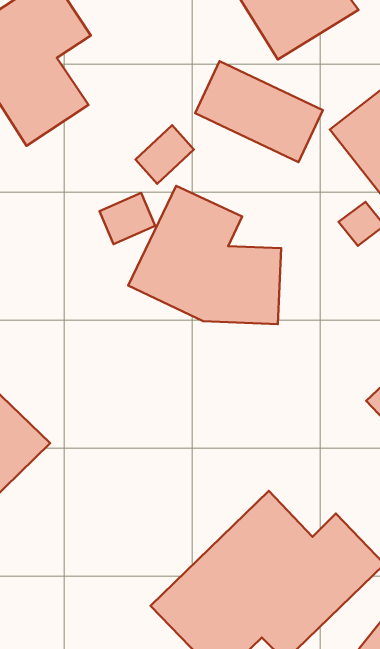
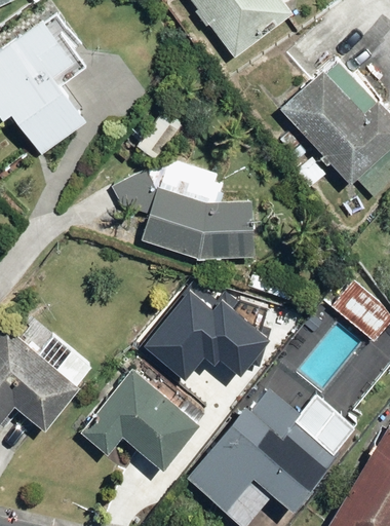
building: [195,61,323,162] -> none
building: none -> [134,279,263,381]
building: none -> [77,368,197,469]

